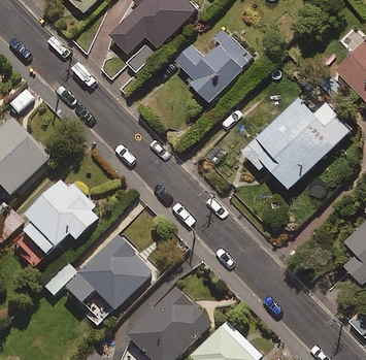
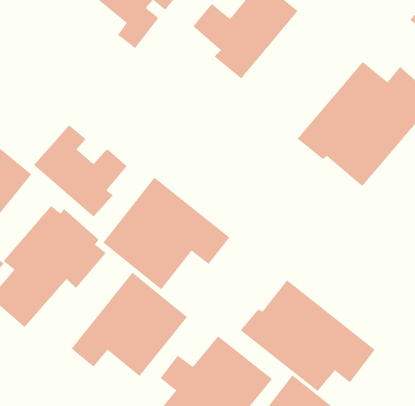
building: none -> [33,125,127,218]
building: none -> [103,177,230,290]
building: none -> [240,279,375,392]

